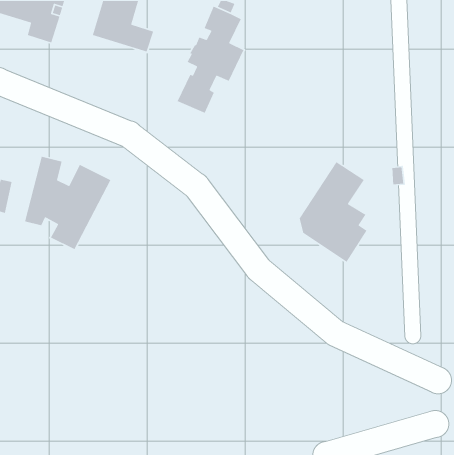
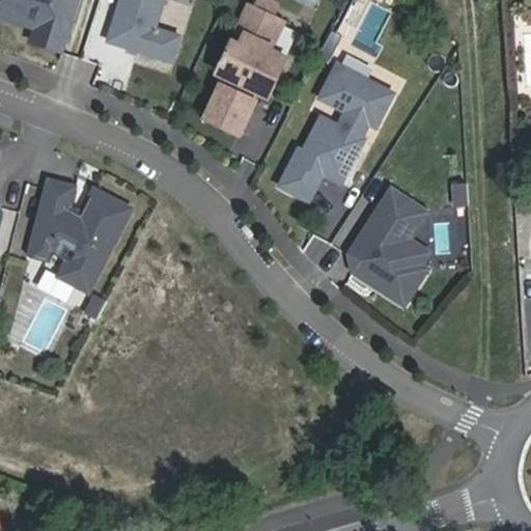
building: none -> [278,64,393,202]

